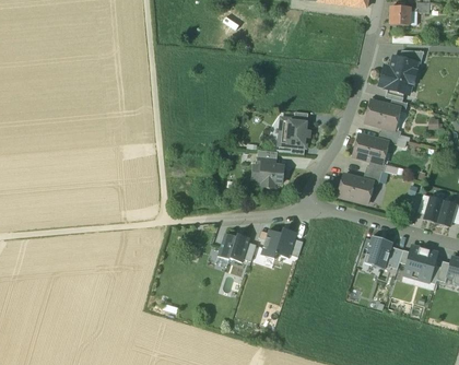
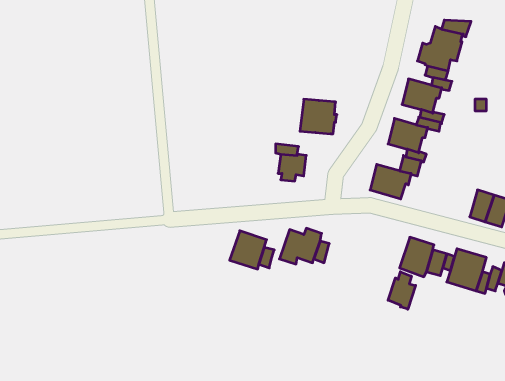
building: none -> [388,272,416,309]

